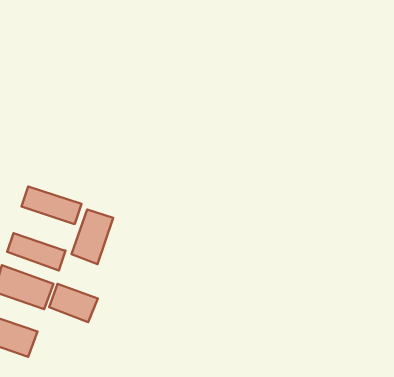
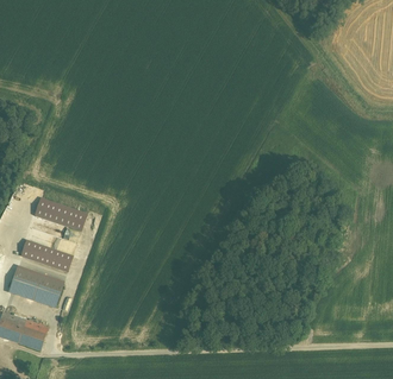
building: [72,210,113,264] -> none
building: [49,284,98,322] -> none

